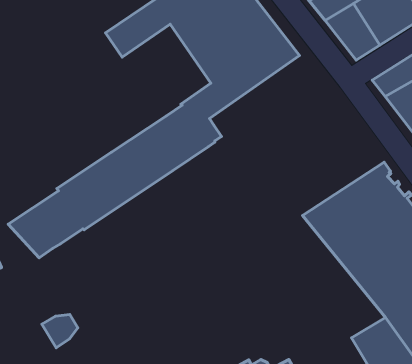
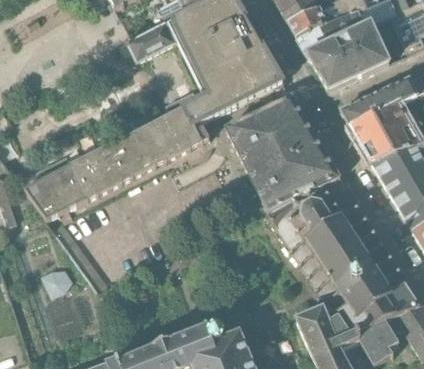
building: none -> [226,97,341,213]

